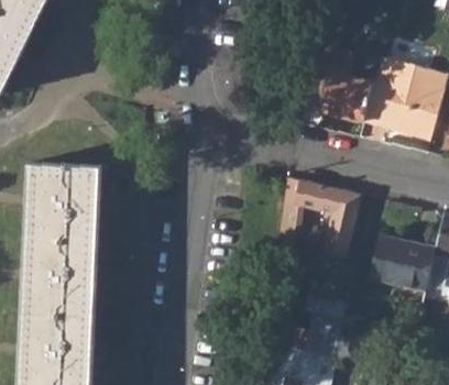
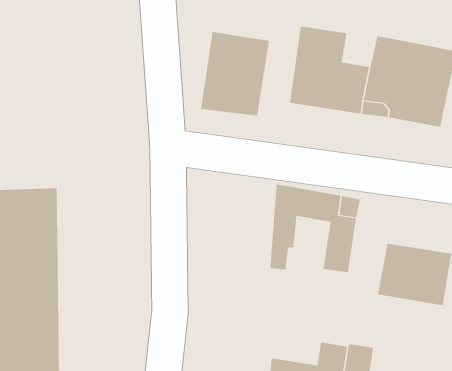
building: none -> [201,31,270,116]

